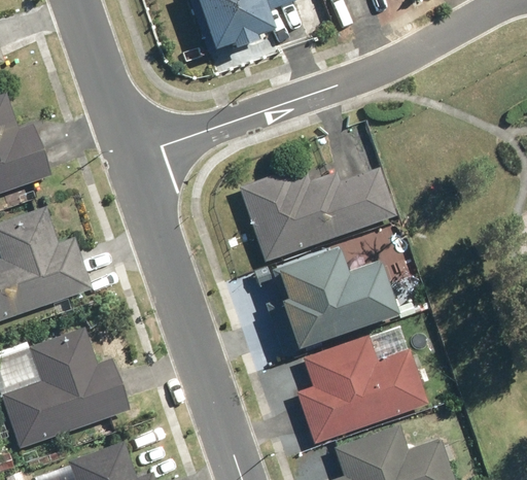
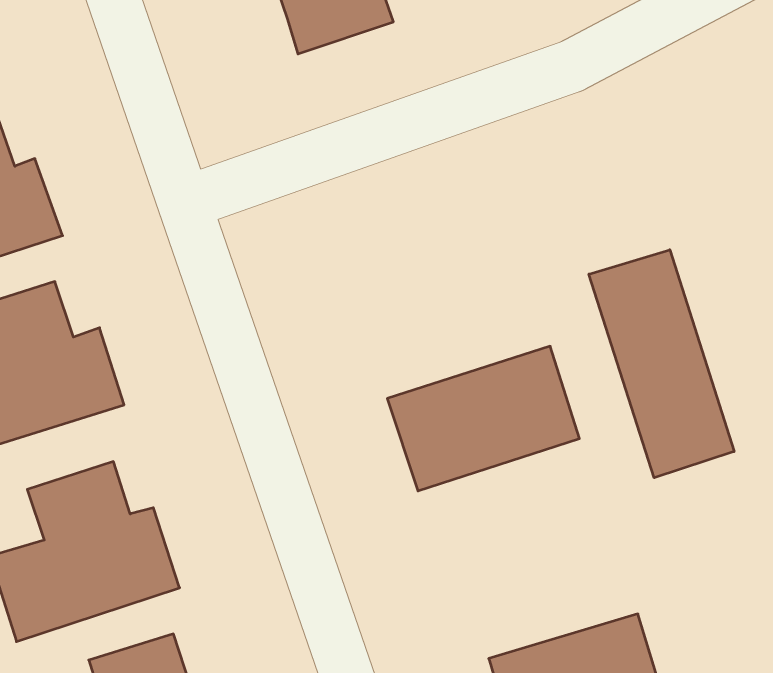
building: [239,168,396,263] -> none
building: none -> [589,250,734,478]
building: [304,339,426,431] -> none

